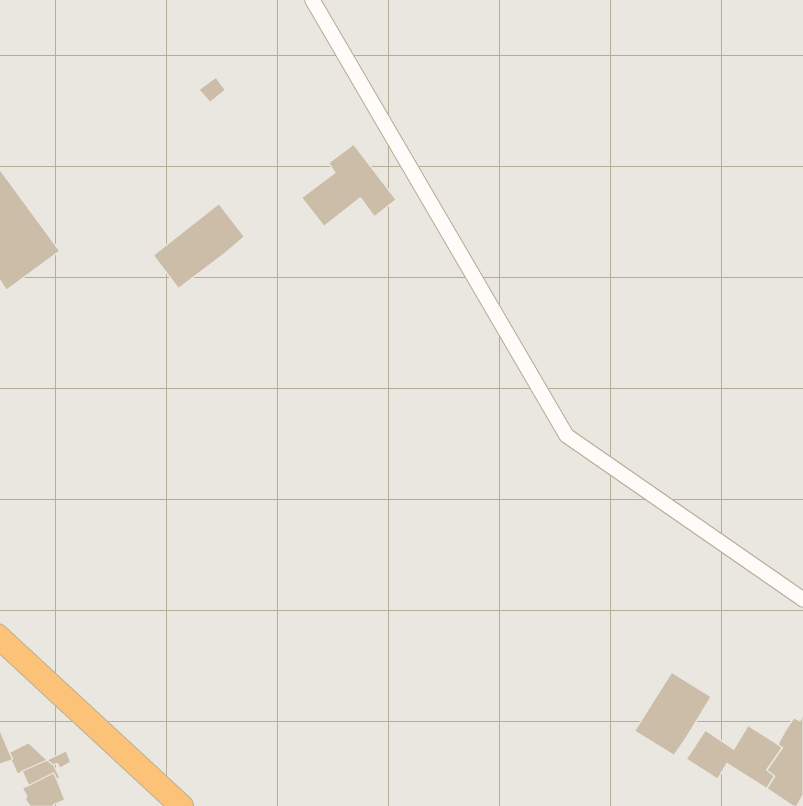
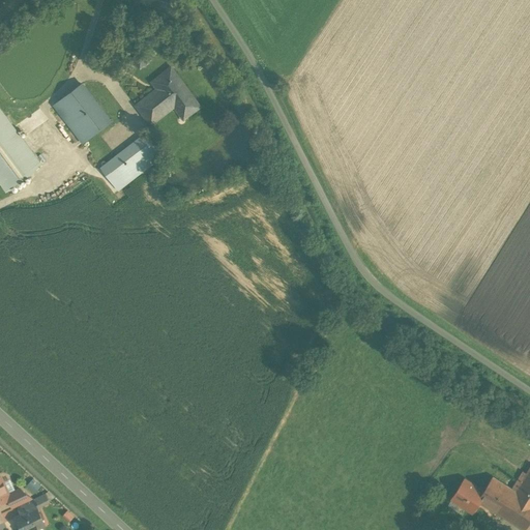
building: none -> [51,85,110,146]
building: [302,144,396,226] -> [135,70,197,124]
building: [635,672,711,755] -> none

